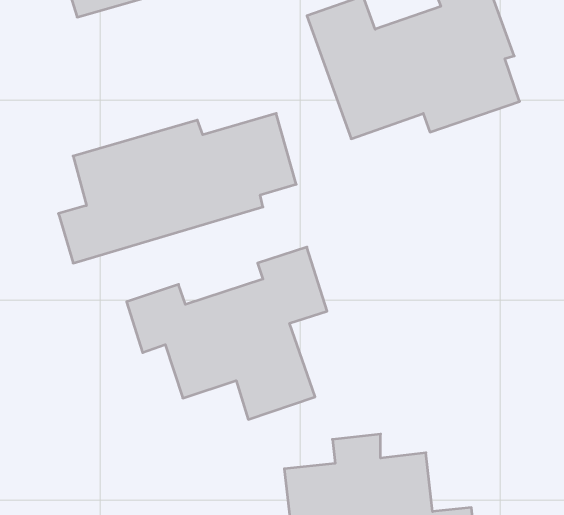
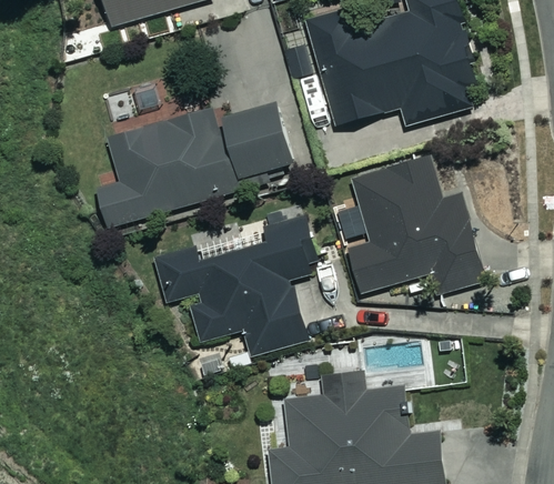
building: none -> [347,157,484,292]

